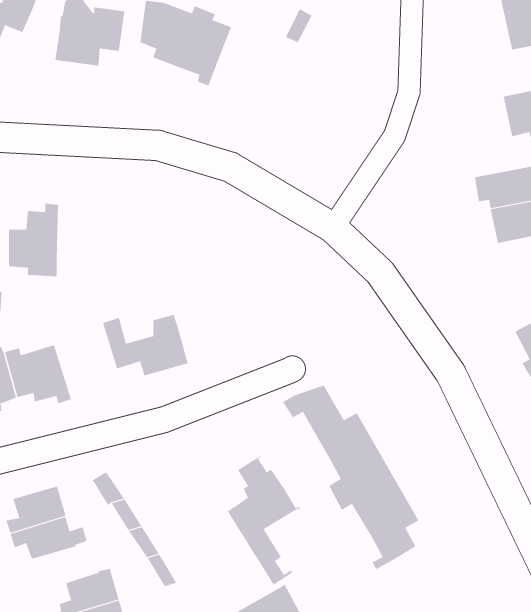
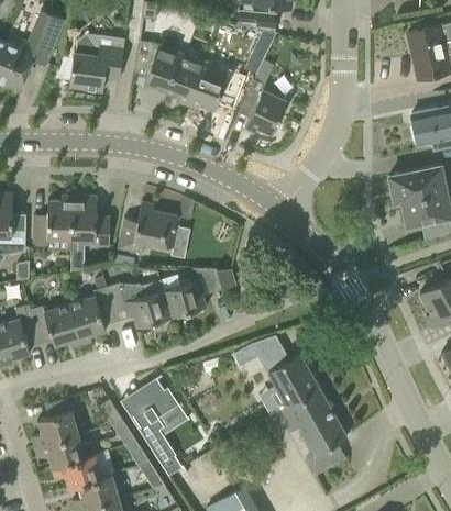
building: none -> [187,62,242,115]
building: none -> [239,79,288,135]
building: none -> [72,197,110,246]
building: none -> [119,203,179,253]
building: none -> [164,269,237,318]
building: none -> [69,287,117,345]
building: [226,453,300,586] -> [132,375,189,476]
building: none -> [52,453,102,489]

